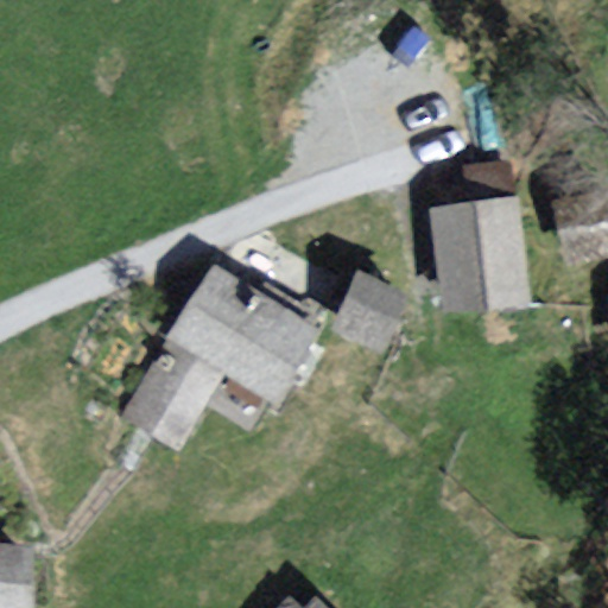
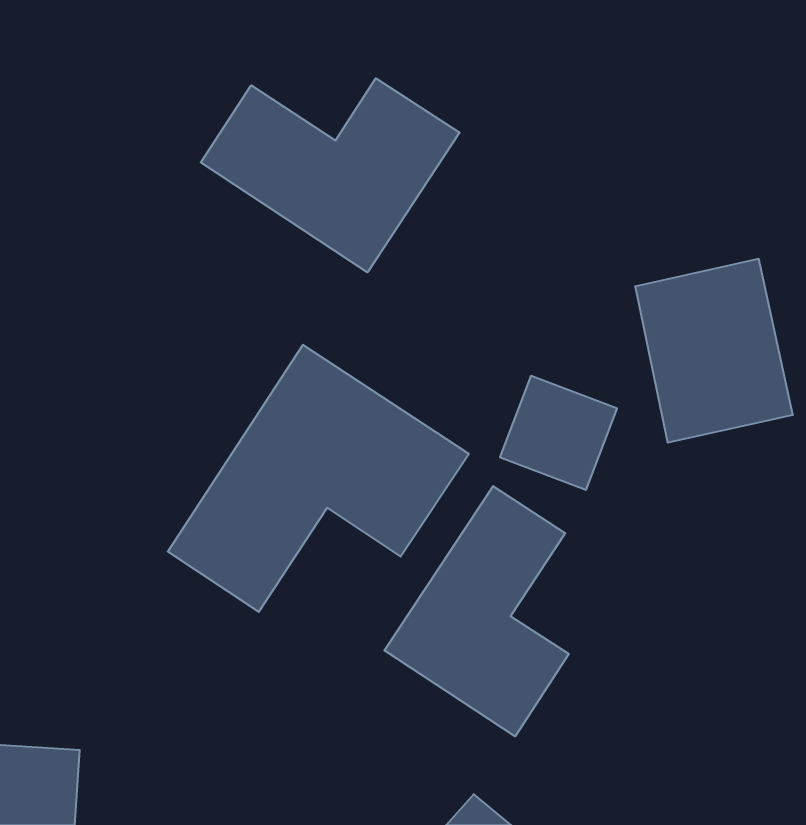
building: none -> [201,78,460,272]
building: none -> [384,486,569,736]

